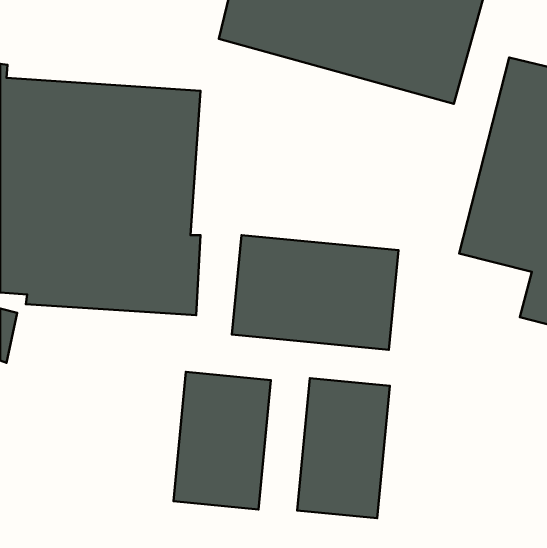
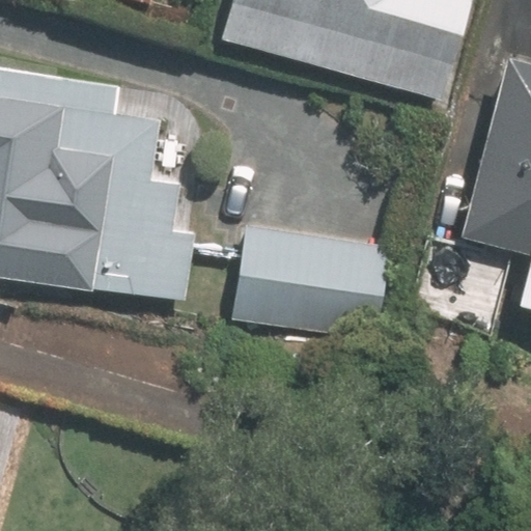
building: [173,372,271,509] -> none
building: [297,378,390,518] -> none

